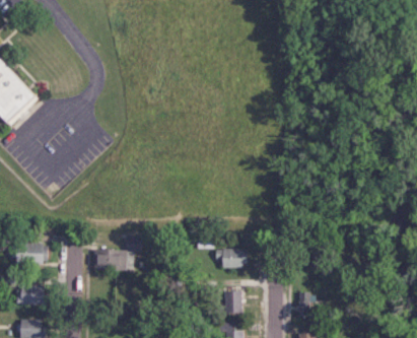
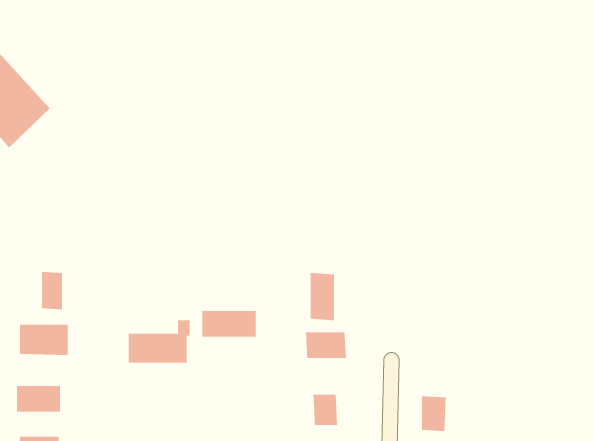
building: none -> [41,271,63,310]
building: none -> [310,272,334,321]
building: none -> [202,310,256,338]

